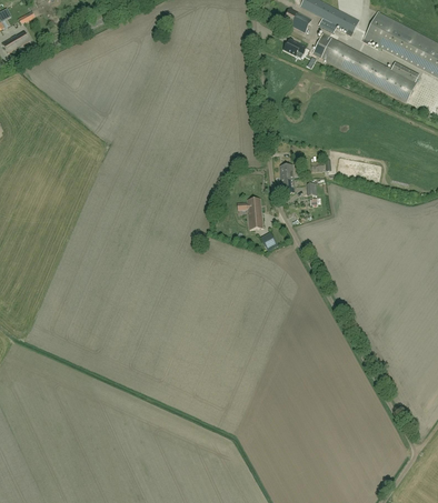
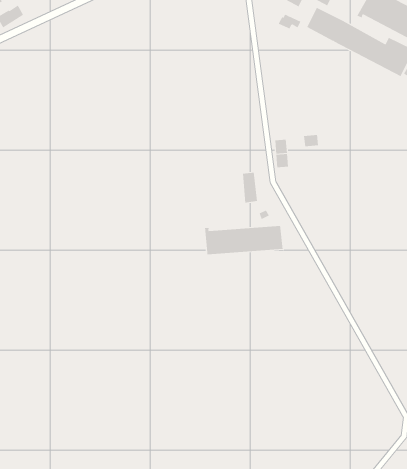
building: none -> [204,225,283,256]

